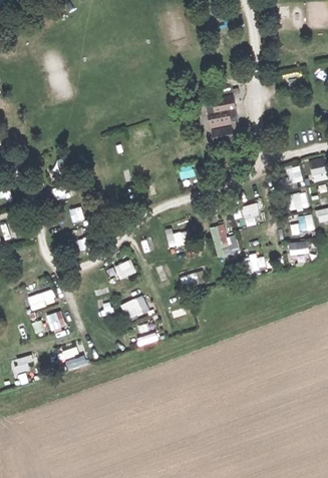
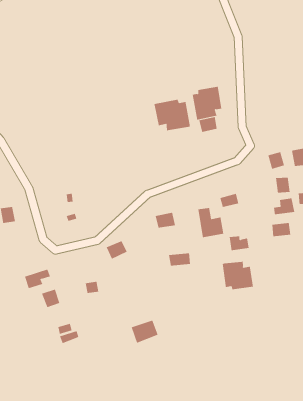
building: none -> [154,99,190,131]
building: none -> [222,261,253,290]
building: [120,296,149,321] -> [131,320,158,343]

